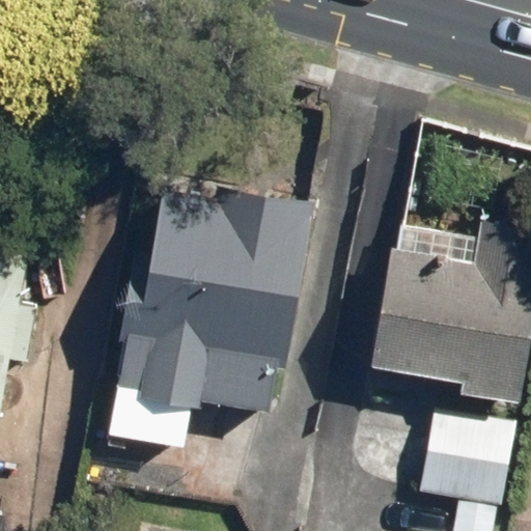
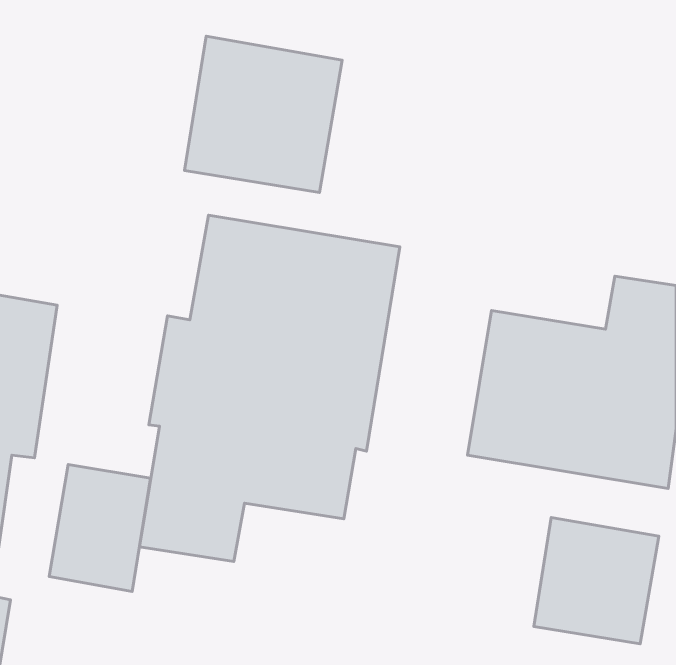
building: none -> [184,36,342,193]
building: none -> [49,465,150,591]

